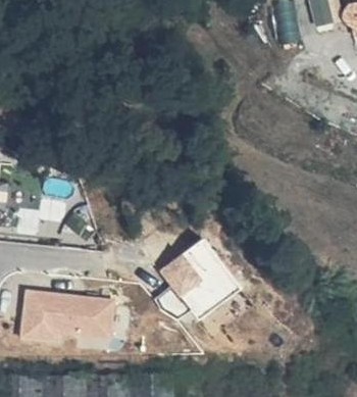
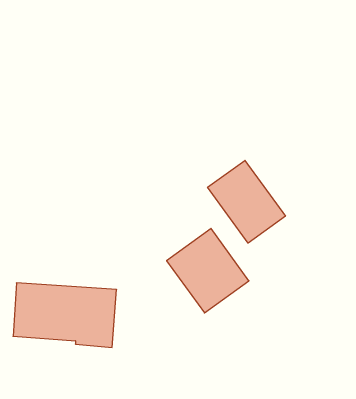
building: none -> [208,160,285,243]

